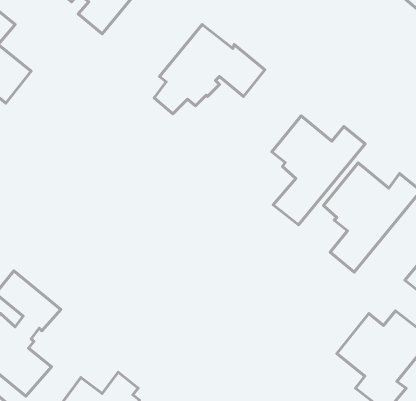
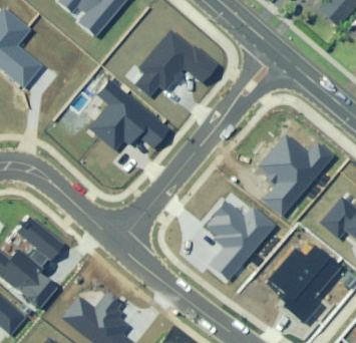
building: none -> [85,78,167,151]
building: [272,116,365,225] -> [207,201,277,283]

